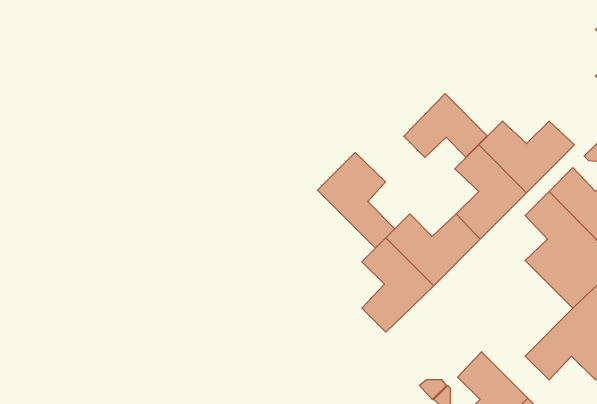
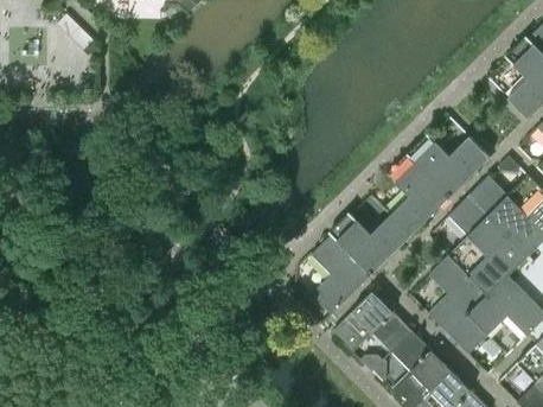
building: [404,94,487,157] -> none
building: [318,153,395,248] -> none
building: none -> [428,254,488,335]
building: none -> [332,292,411,352]

